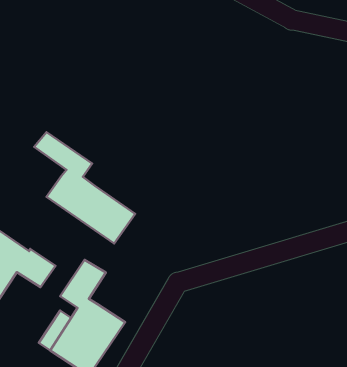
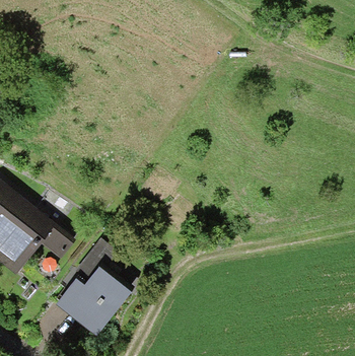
building: [34,132,135,243] -> none

